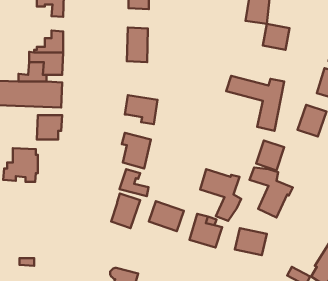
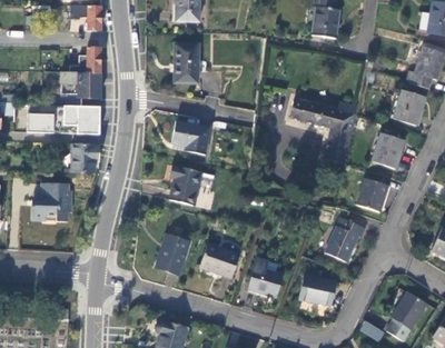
building: [263,24,289,50] -> none
building: [256,141,284,170] -> [356,178,388,212]
building: [120,169,148,196] -> none
building: [200,169,241,221] -> none

